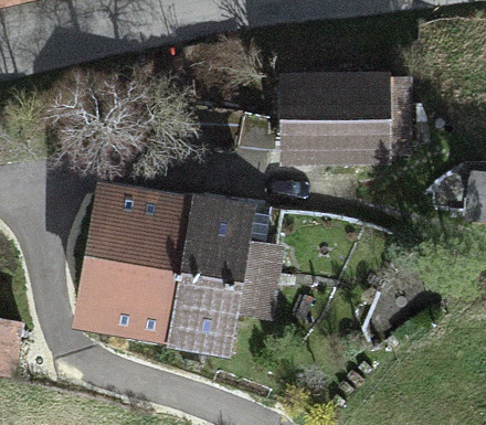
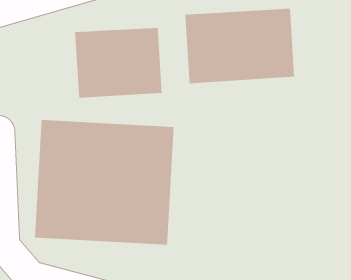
building: none -> [75,27,162,98]

